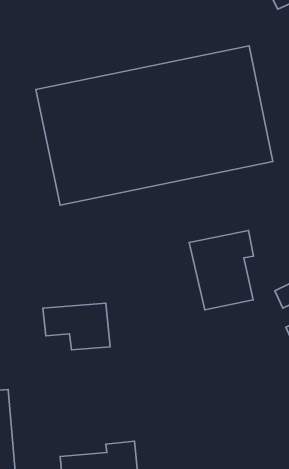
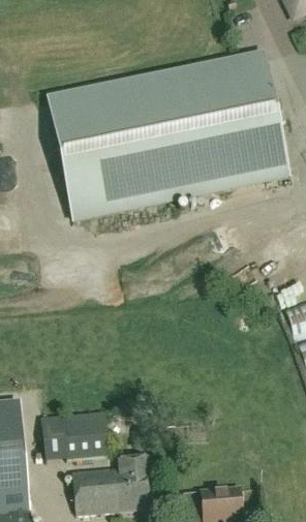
building: [189,230,254,310] -> none
building: [43,303,110,350] -> [40,410,109,458]

